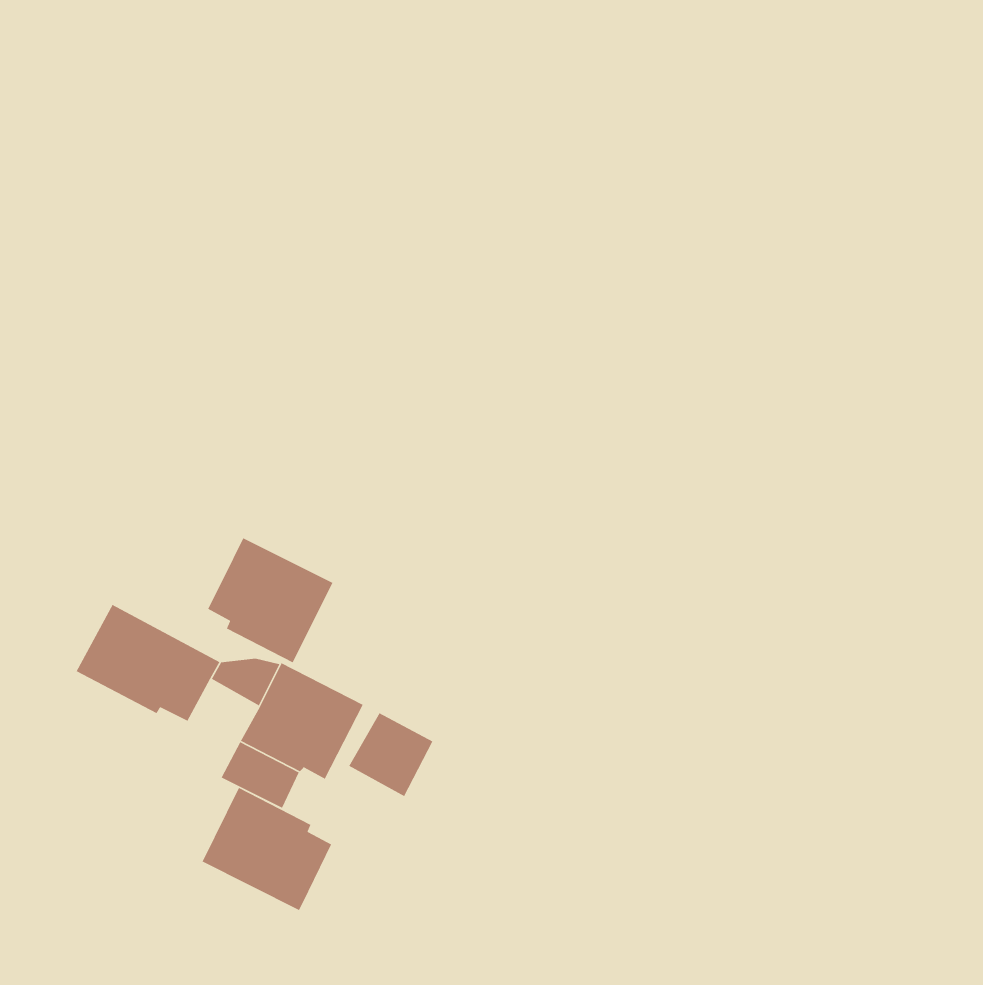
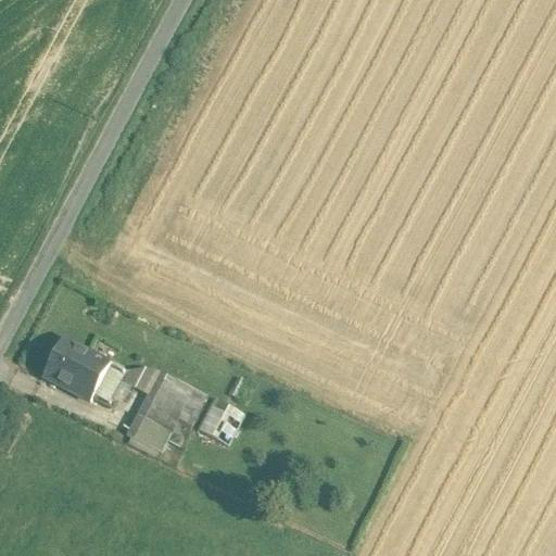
building: [207,537,333,664] -> none
building: [201,787,332,911] -> none

